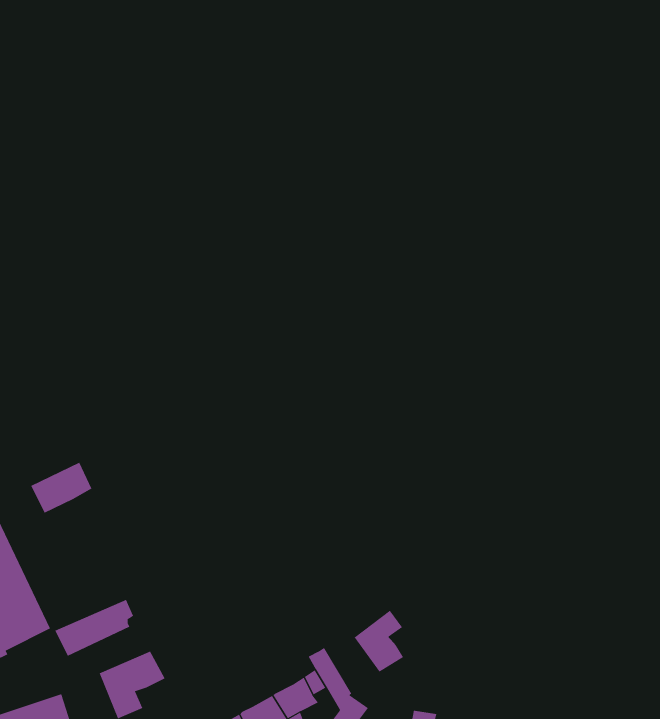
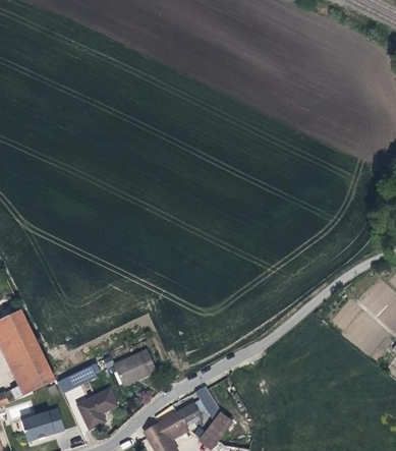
building: [30,462,92,514] -> none
building: none -> [113,347,157,386]
building: [354,610,404,673] -> none

